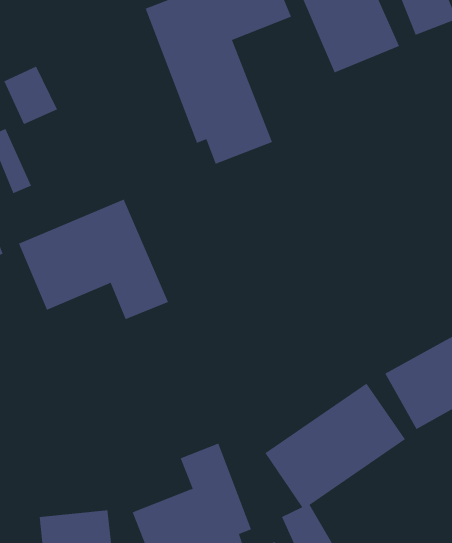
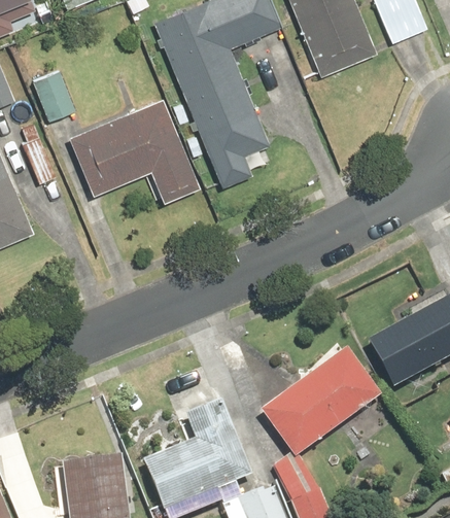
building: [18,199,169,320] -> [68,99,200,205]

